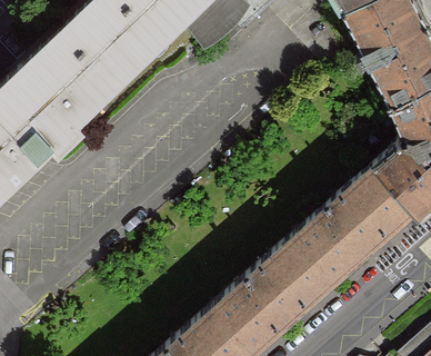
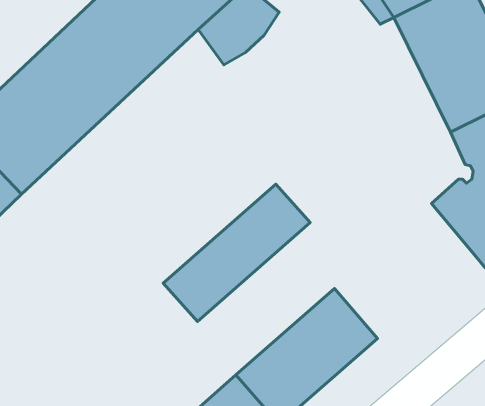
building: none -> [163,184,310,321]
building: [293,170,409,281] -> none

